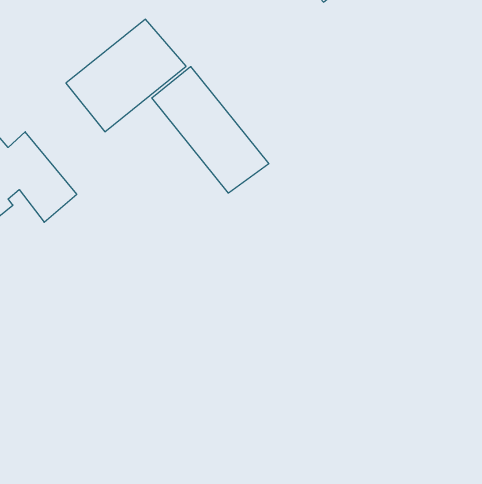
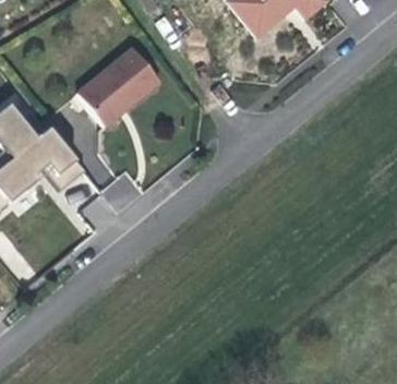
building: [152,67,269,193] -> none

